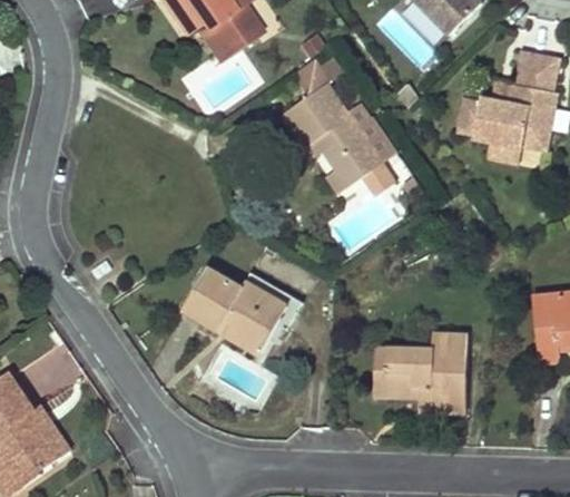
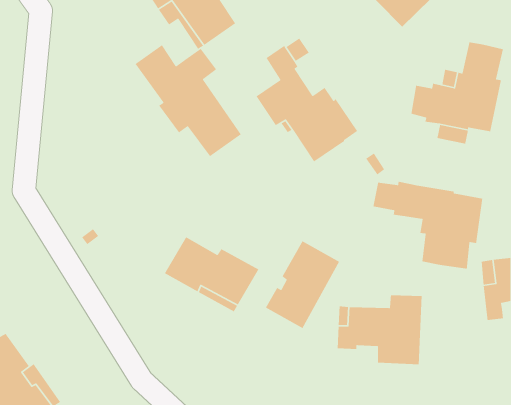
building: none -> [134,44,242,157]
building: none -> [372,181,483,270]
building: none -> [265,240,340,329]

